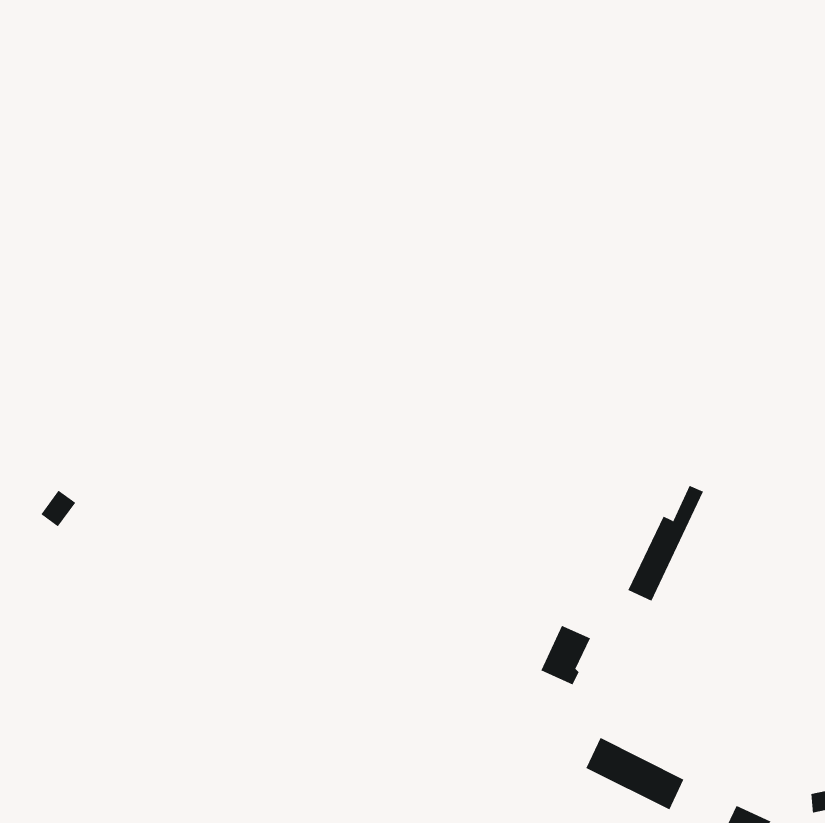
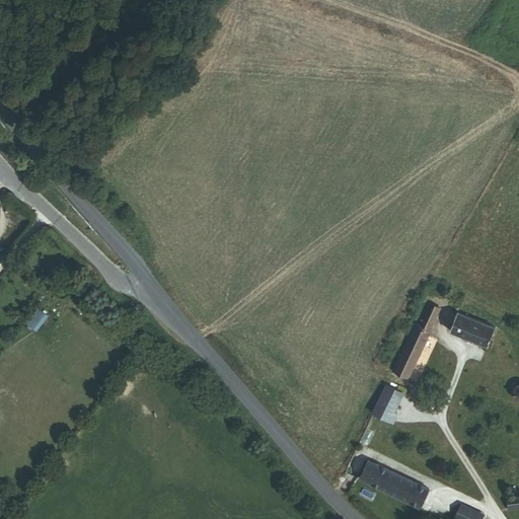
building: none -> [451,314,497,348]
building: [541,625,591,685] -> [373,386,404,424]

